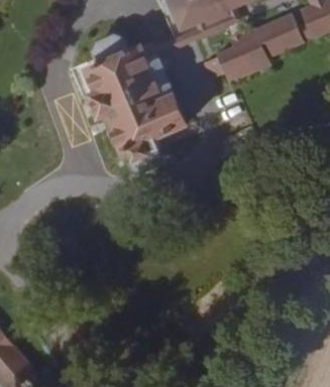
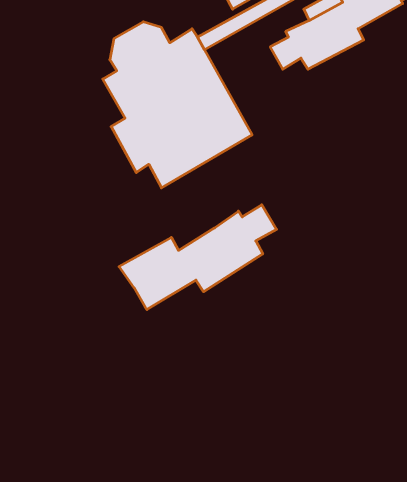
building: none -> [119,205,277,310]

